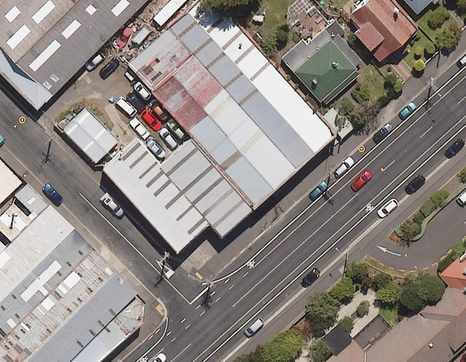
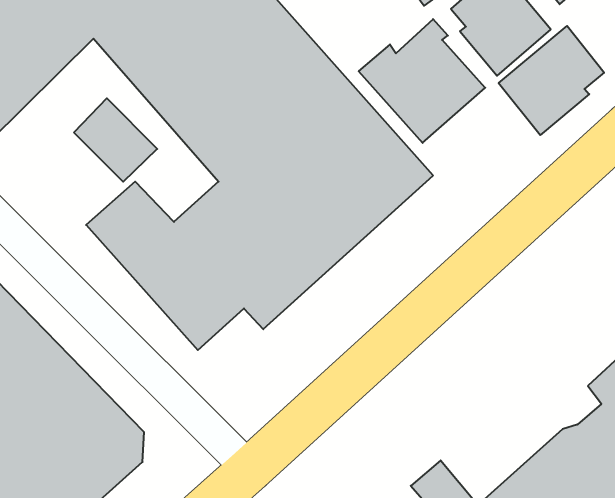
building: none -> [499,26,604,135]
building: [63,108,119,164] -> [74,98,157,182]

